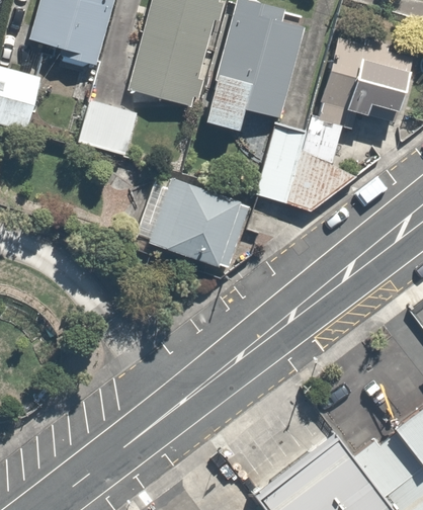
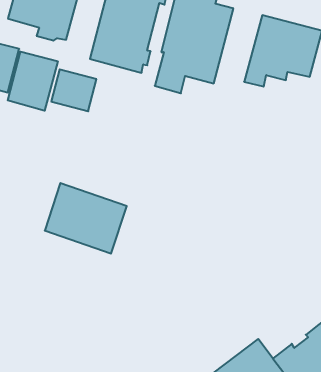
building: none -> [8,52,58,111]
building: [257,115,357,212] -> none
building: [147,179,248,266] -> [45,183,127,254]

